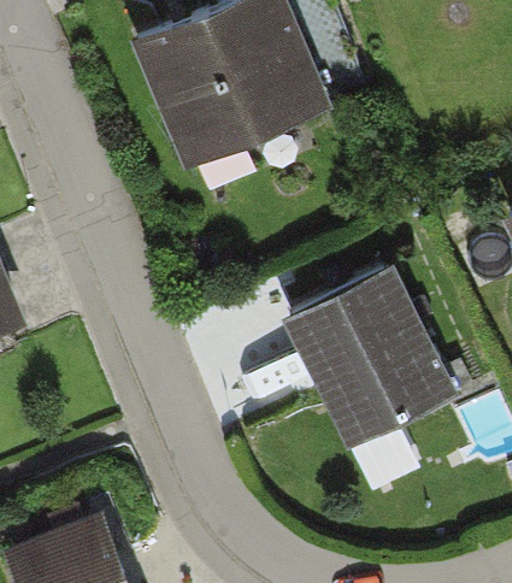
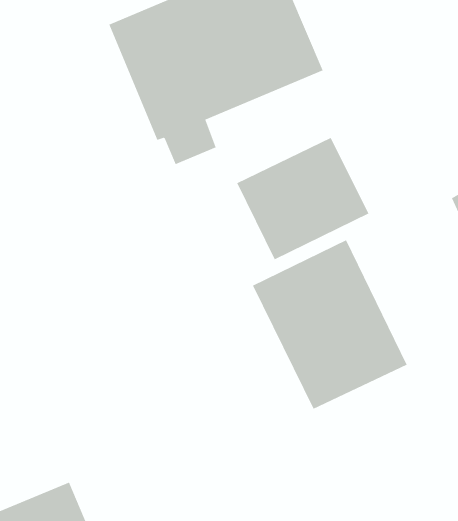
building: none -> [237,137,369,260]

